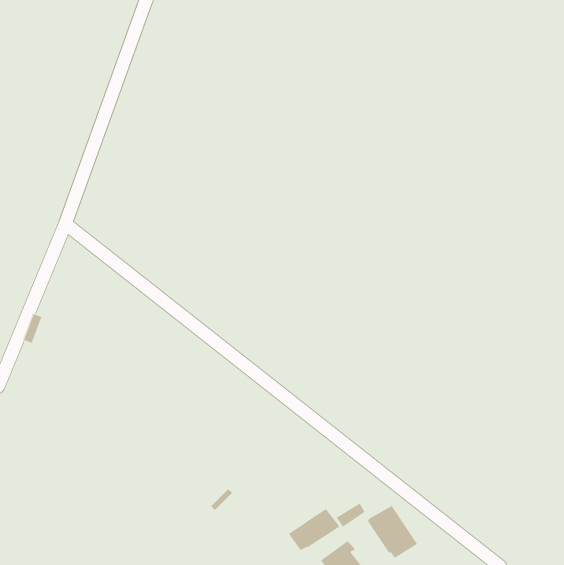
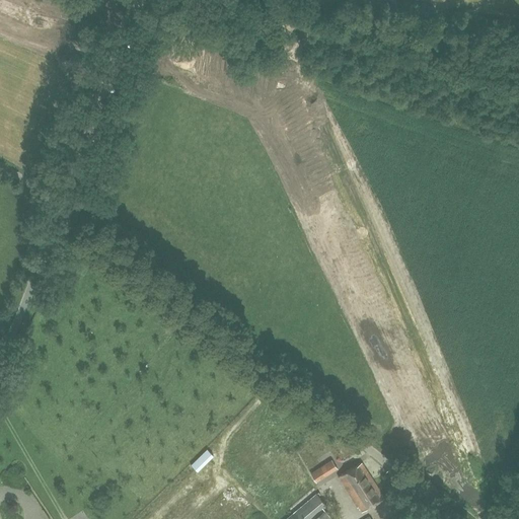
building: [288,508,340,551] -> none

